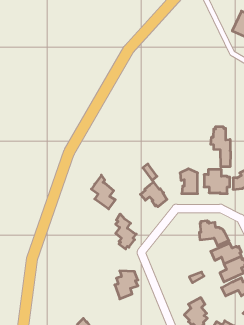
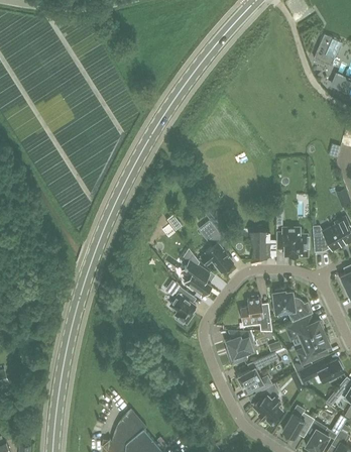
building: [211,127,231,167] -> none
building: [91,175,115,209] -> [181,254,210,296]
building: none -> [239,295,271,331]
building: [115,271,138,299] -> [224,331,252,365]
building: none -> [236,367,270,391]

